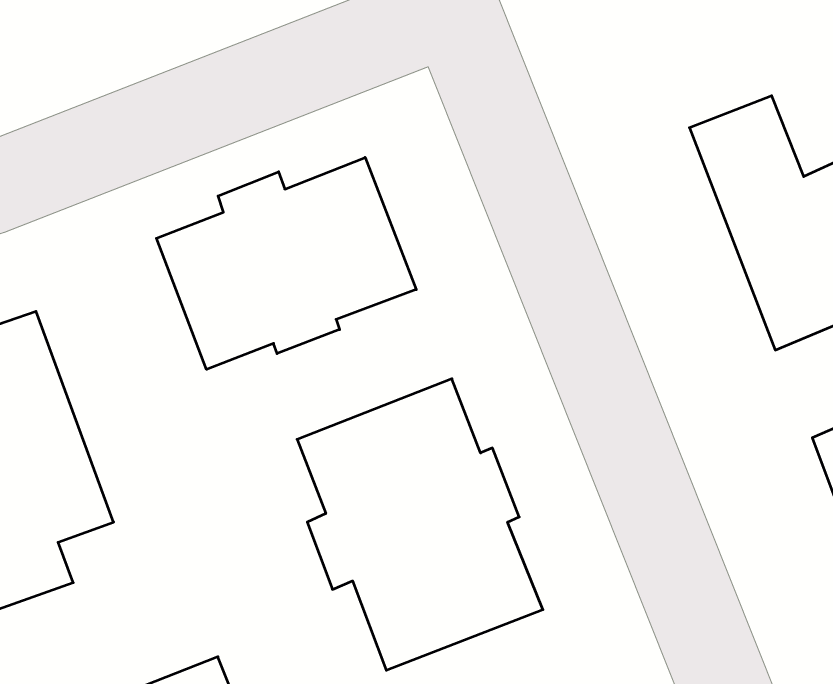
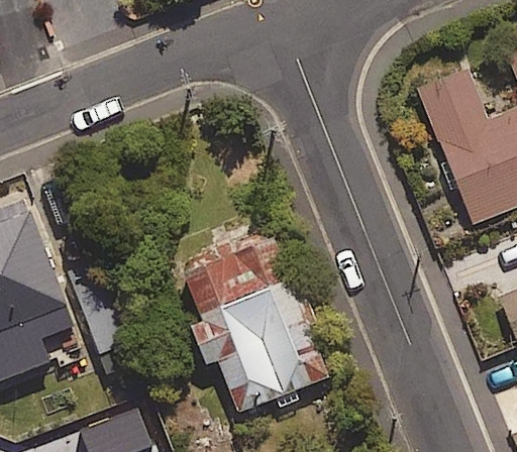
building: [156,157,416,369] -> none

